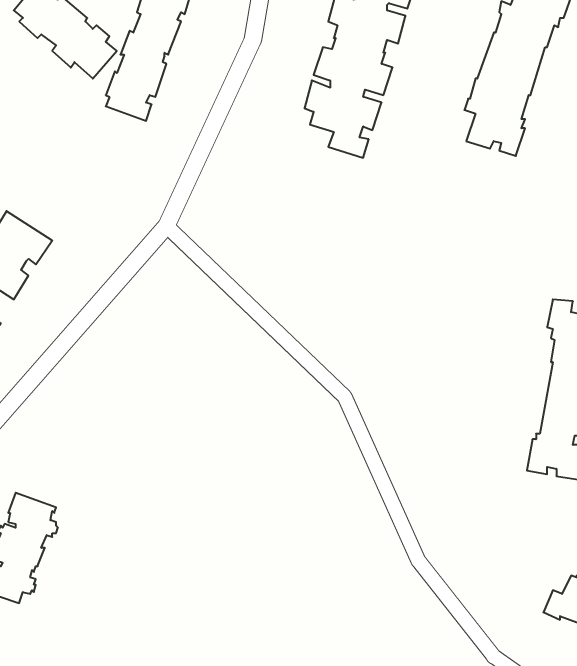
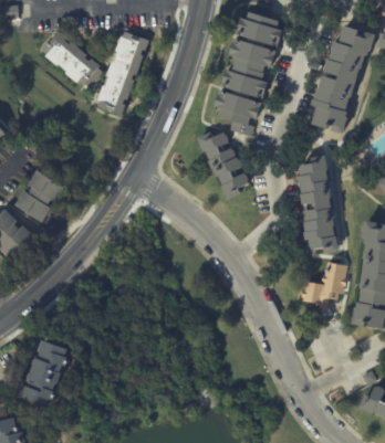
building: none -> [196,130,248,200]
building: none -> [299,156,340,255]
building: none -> [302,263,346,310]

